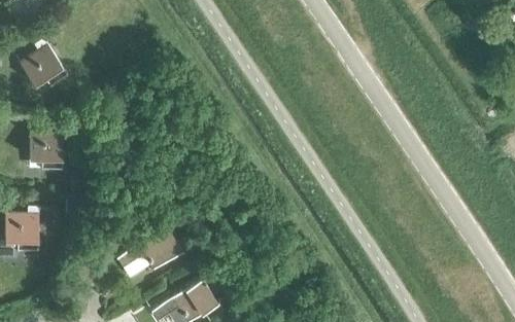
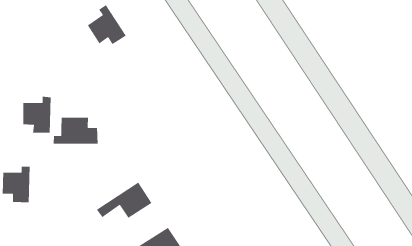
building: [20,39,67,87] -> [87,4,127,45]
building: none -> [53,117,99,145]

